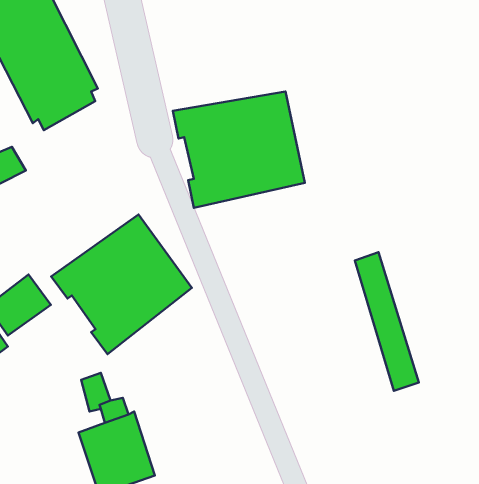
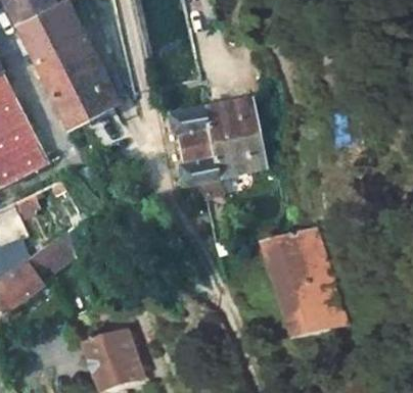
building: [51,215,192,354] -> none
building: none -> [269,224,330,329]

